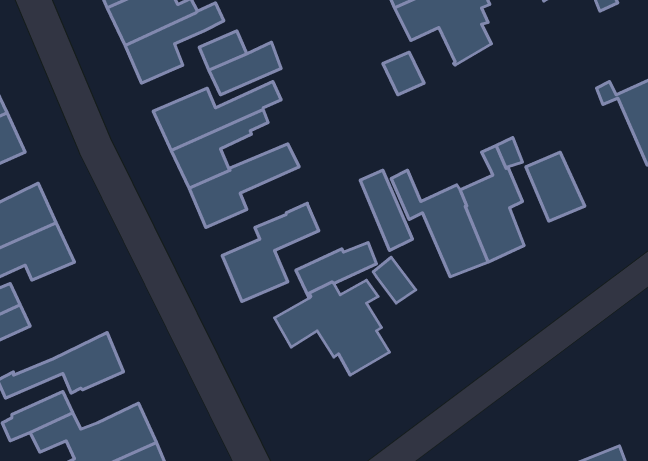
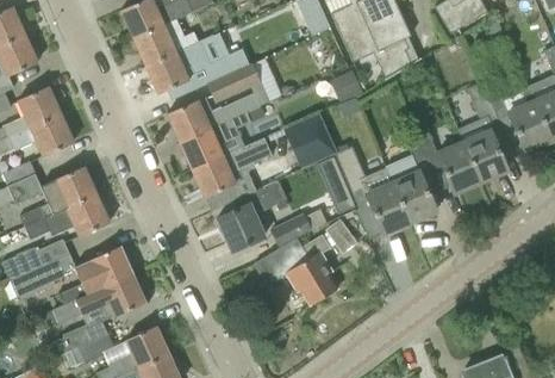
building: none -> [456,82,507,182]
building: none -> [283,114,335,167]
building: none -> [61,247,133,305]

